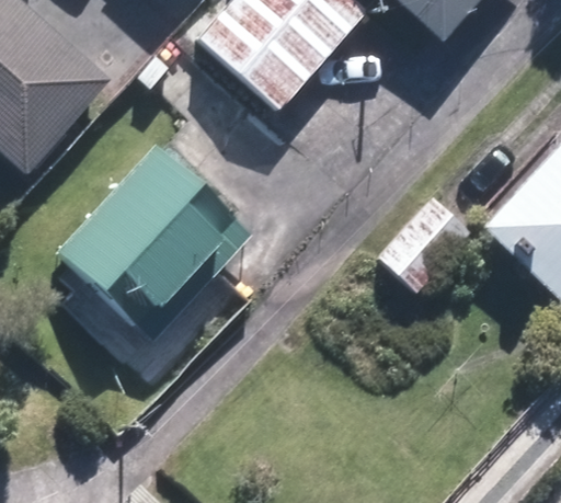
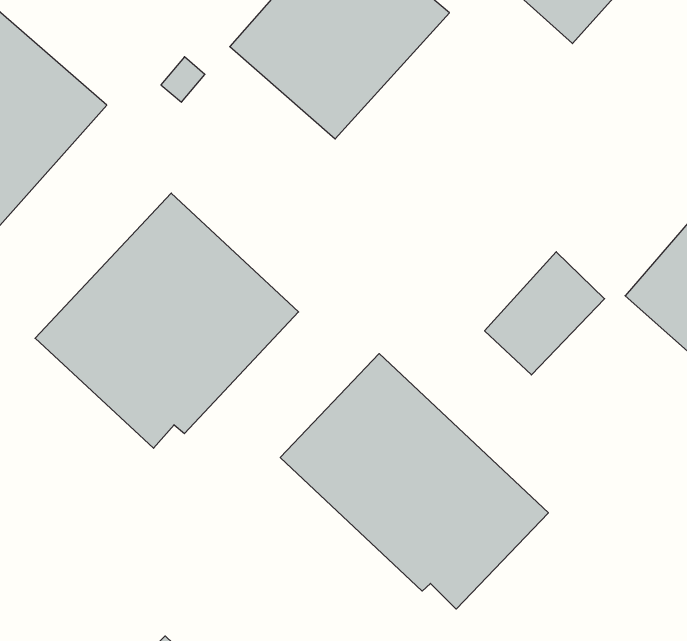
building: none -> [280,354,548,609]

